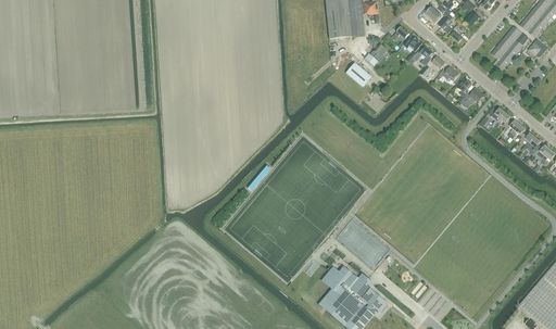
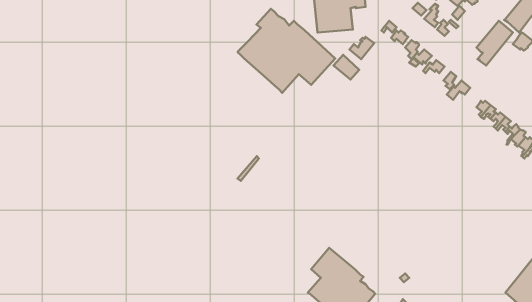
building: none -> [238,9,335,93]

